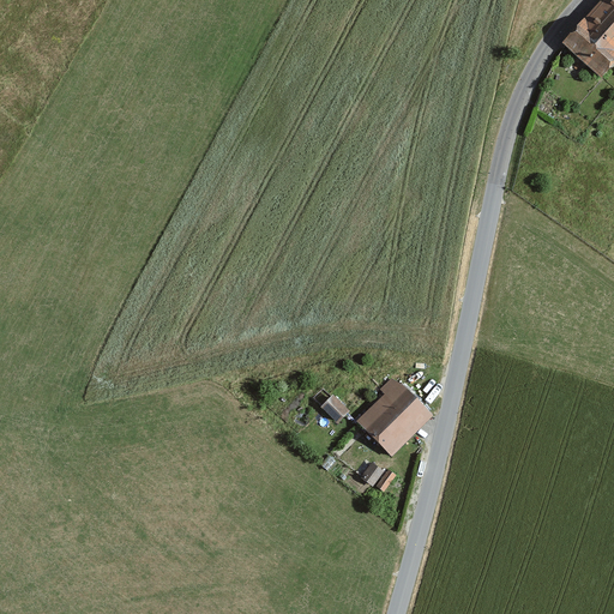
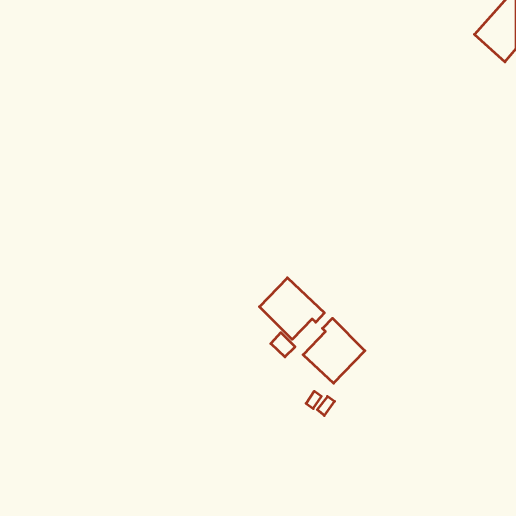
building: none -> [259,278,324,339]

